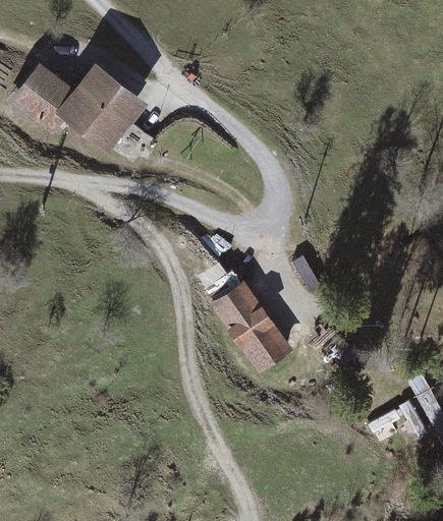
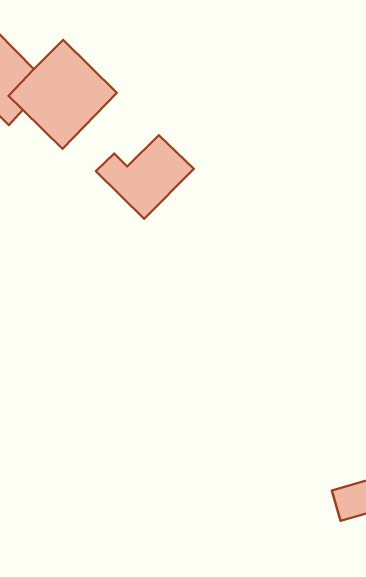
building: none -> [96,135,194,219]
building: [208,278,291,371] -> none

